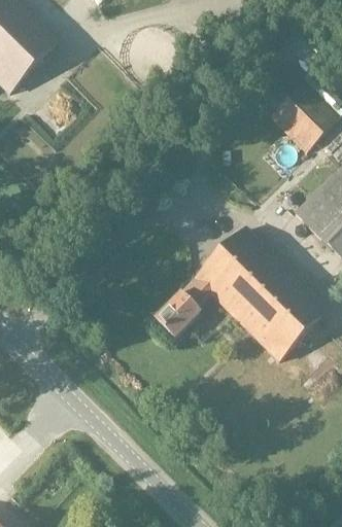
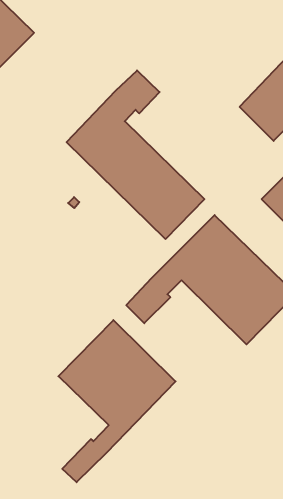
building: none -> [67,70,204,239]
building: none -> [58,320,176,482]

